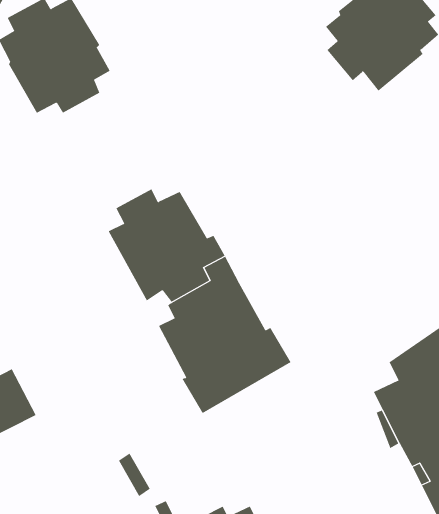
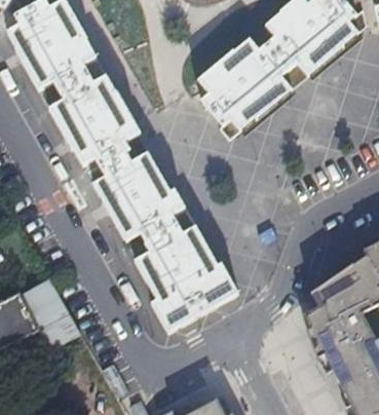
building: none -> [198,37,293,138]
building: none -> [48,76,143,167]
building: none -> [18,278,80,348]

